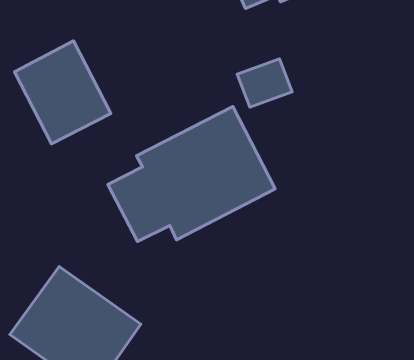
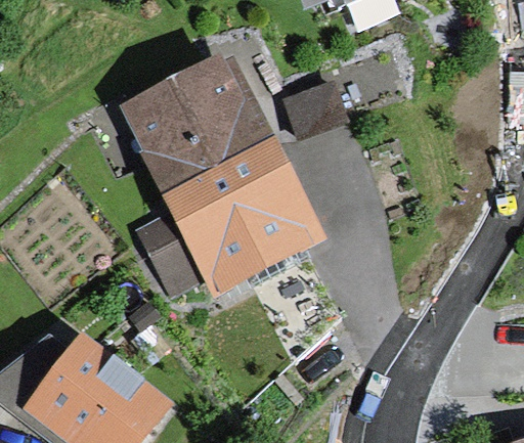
building: none -> [120,47,281,195]
building: [15,41,111,144] -> none

